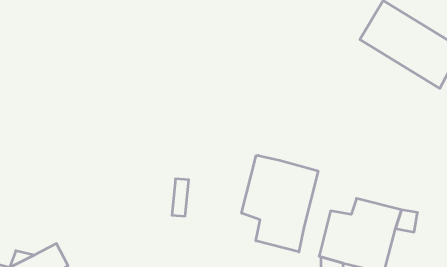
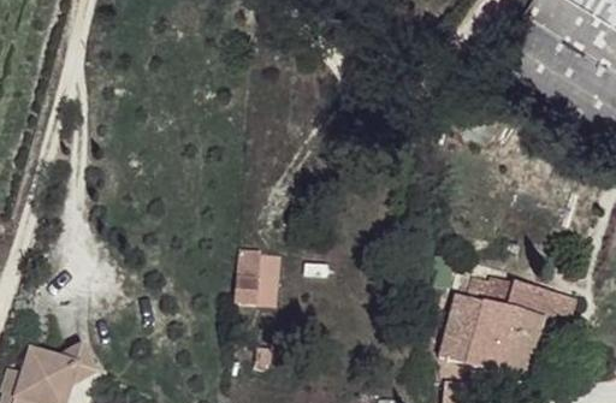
building: [242,155,318,252] -> none

